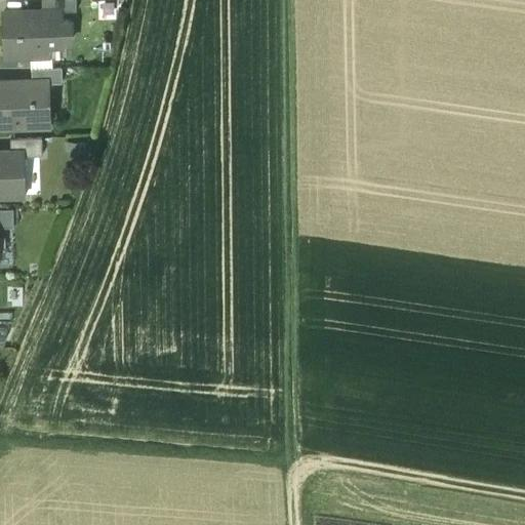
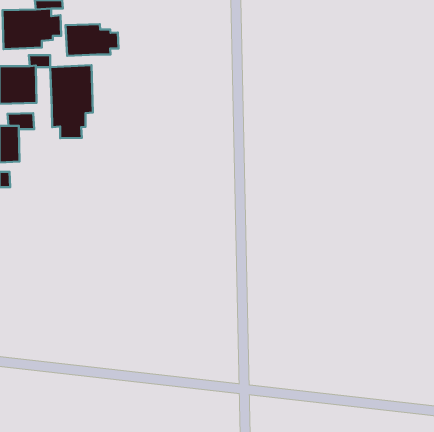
building: none -> [66,24,118,56]
building: none -> [50,65,93,138]

